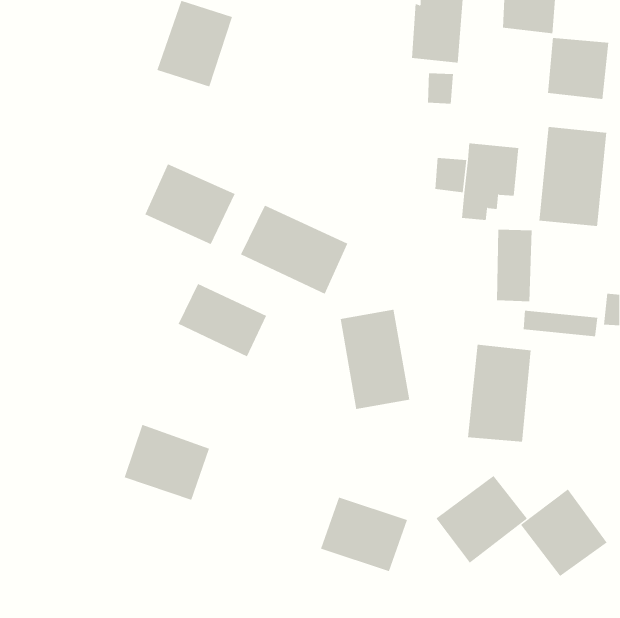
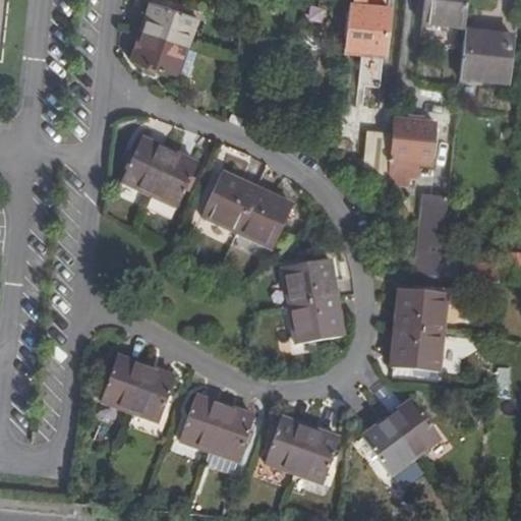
building: [539,126,607,227] -> none
building: [178,283,267,357] -> none
building: none -> [182,395,255,459]
building: [520,488,607,577] -> none

